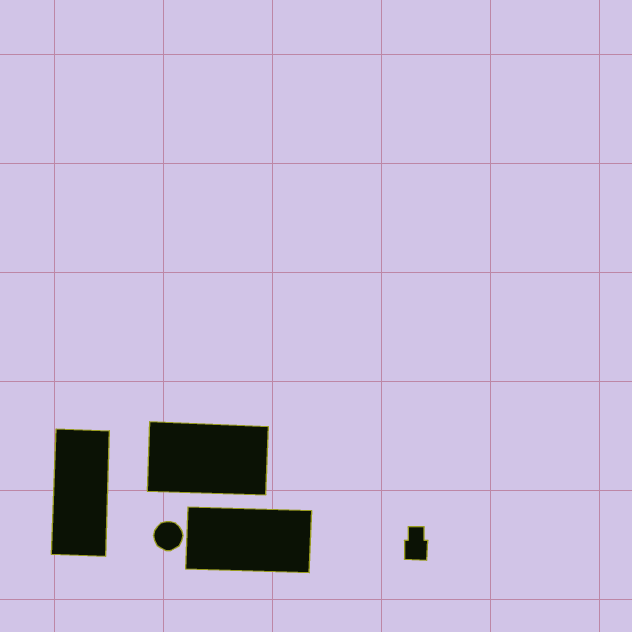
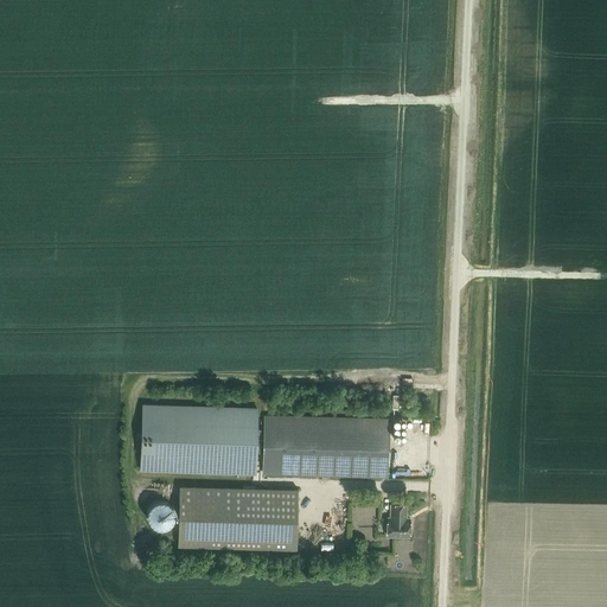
building: [51,429,109,556] -> none
building: none -> [264,415,388,478]

